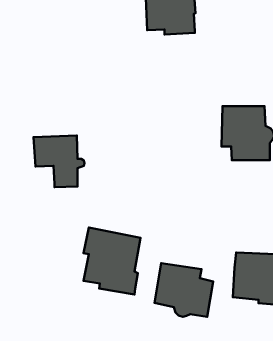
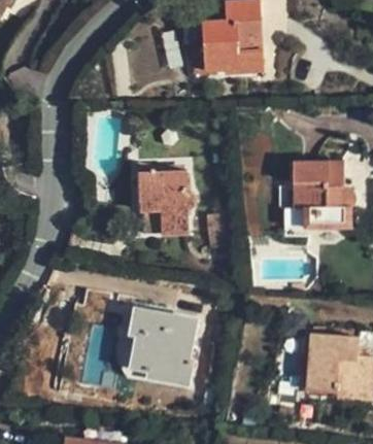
building: [34,136,85,187] -> [136,168,197,230]
building: [154,263,213,317] -> none

